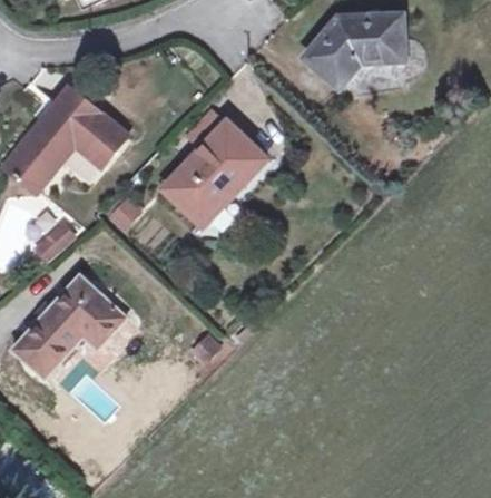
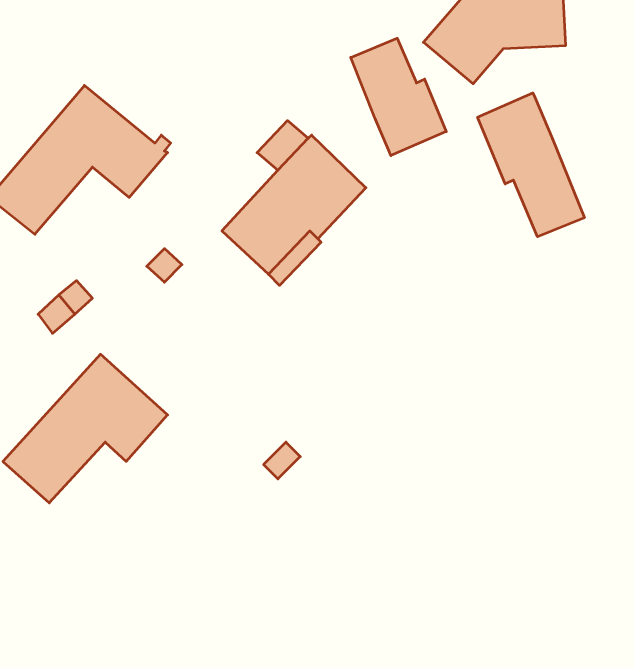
building: none -> [351,38,446,156]
building: none -> [478,93,584,237]

